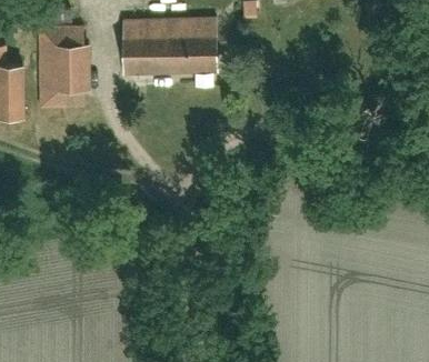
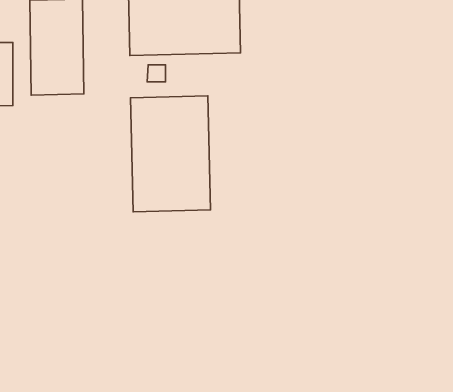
building: none -> [130,96,210,212]

